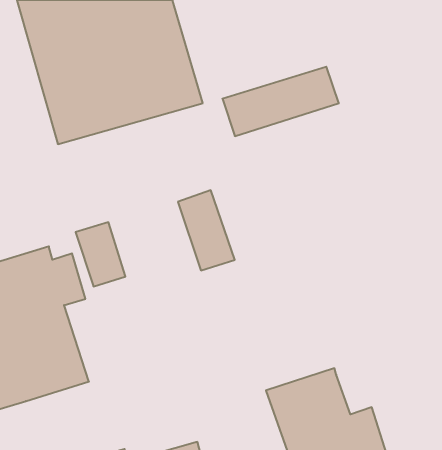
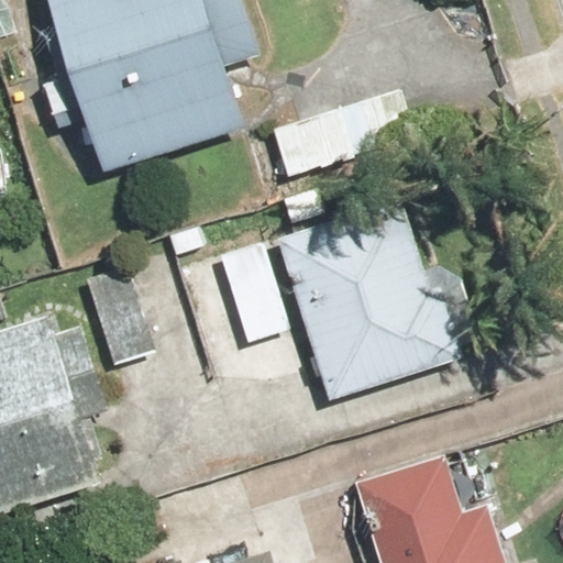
building: none -> [284,198,488,396]

